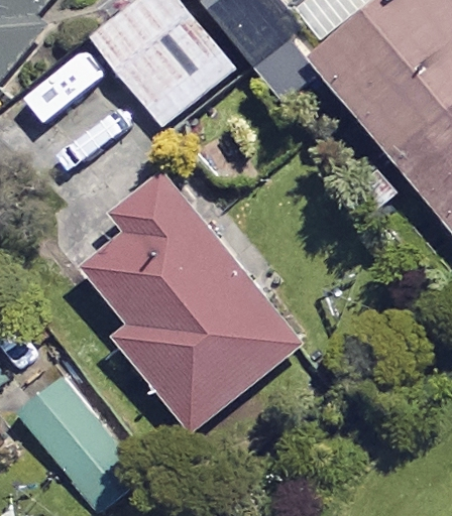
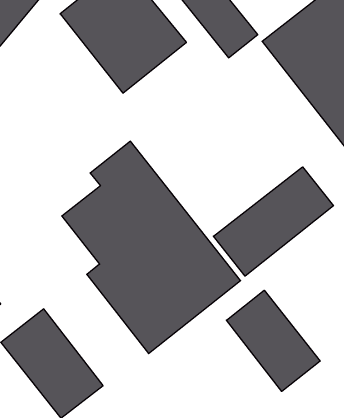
building: none -> [213,167,333,276]
building: none -> [226,290,320,391]

